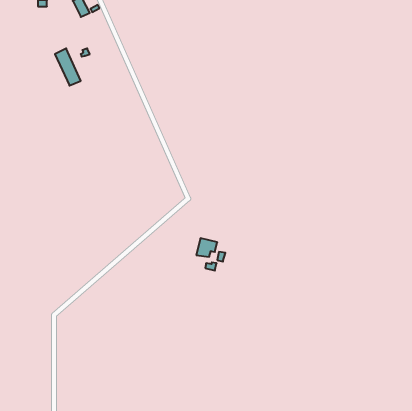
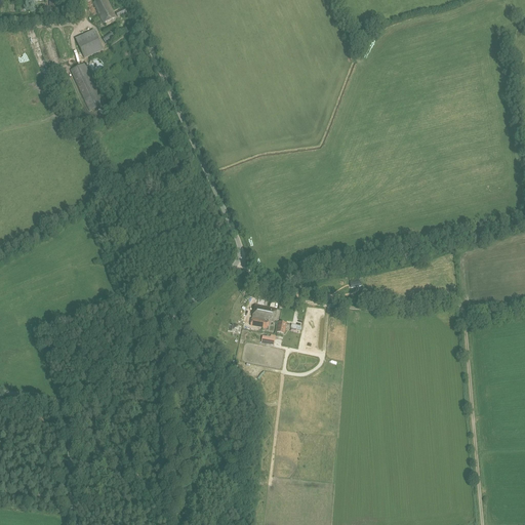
building: none -> [74,29,103,57]

